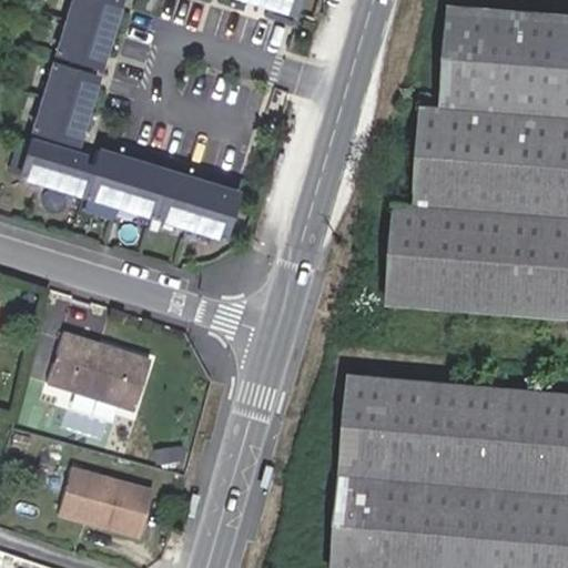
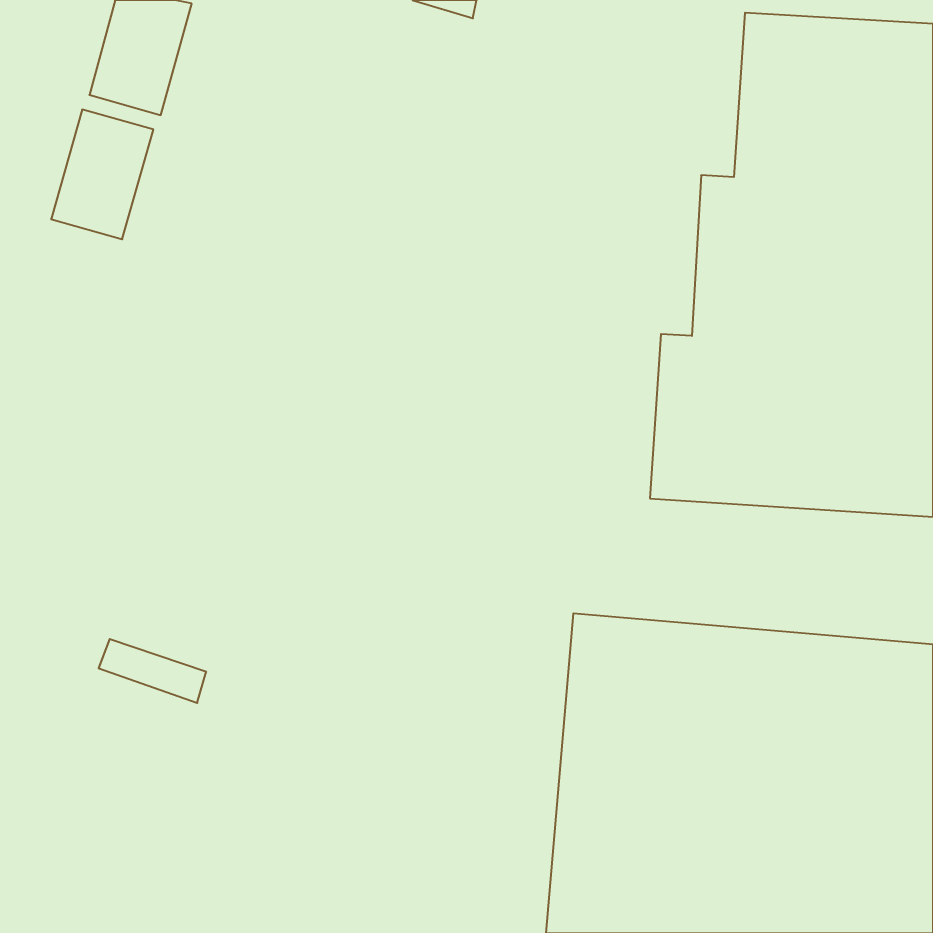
building: [28,146,233,235] -> none
building: [47,332,149,408] -> none
building: [55,470,153,542] -> none

